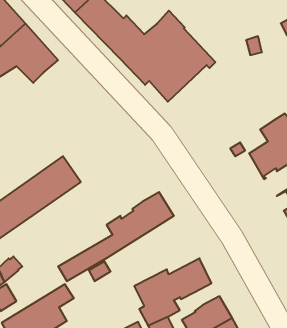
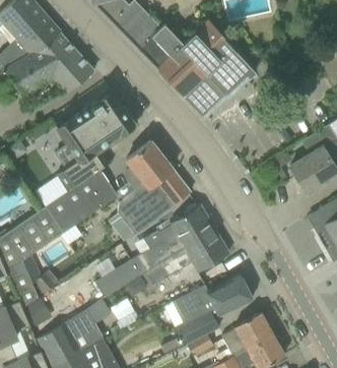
building: none -> [56,90,138,190]
building: none -> [118,140,189,235]
building: none -> [145,230,227,286]

